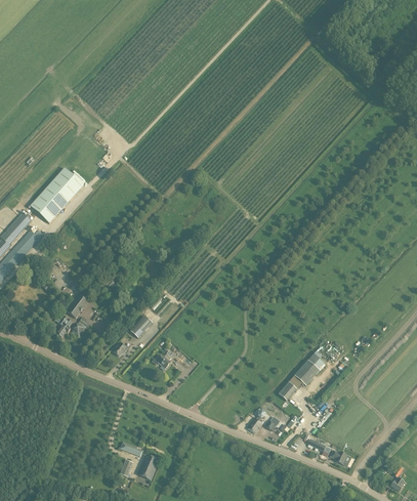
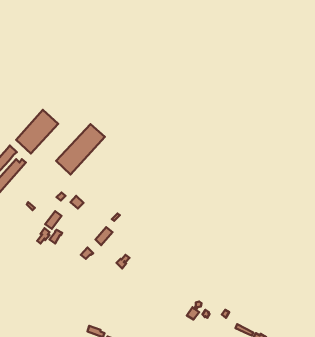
building: none -> [56,124,105,174]
building: [279,349,321,400] -> none

